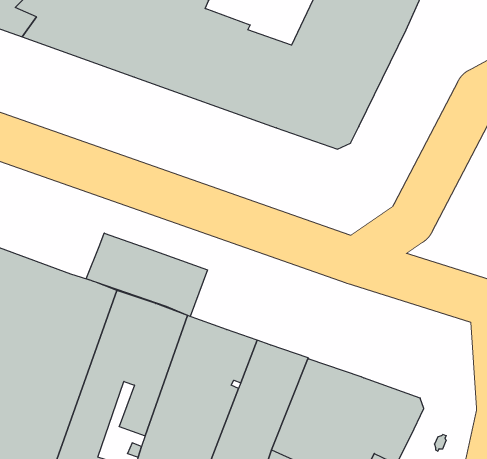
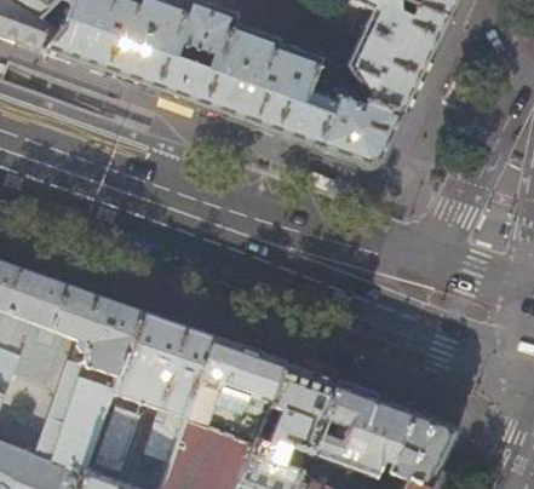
building: [86,233,207,316] -> none

